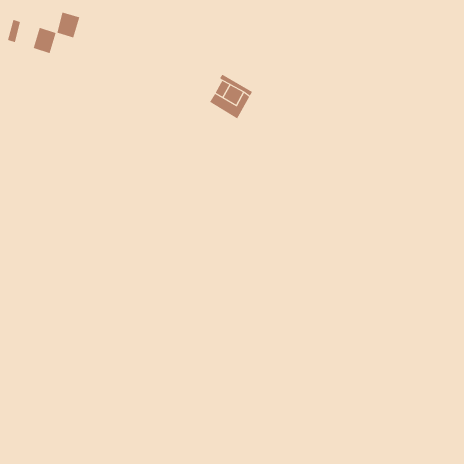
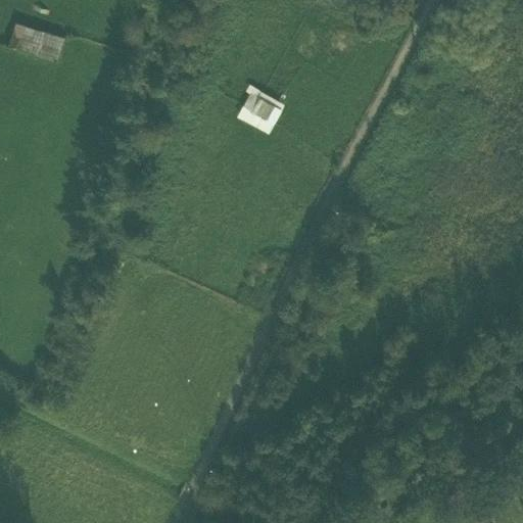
building: [56,12,80,38] -> [17,26,44,55]

